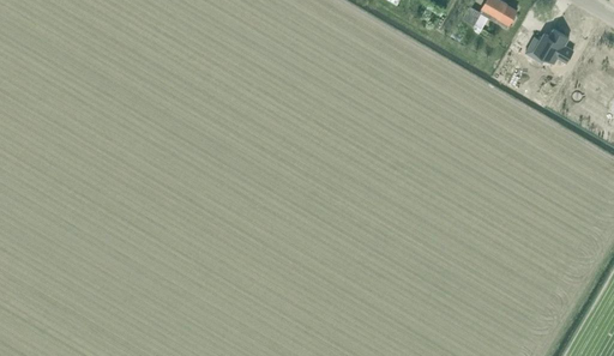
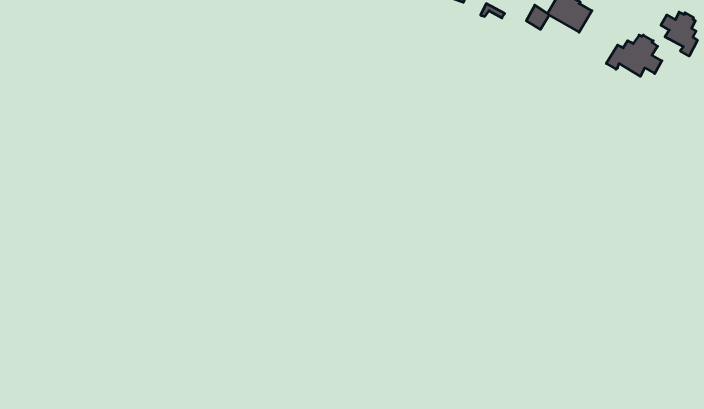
building: none -> [661,12,697,56]

